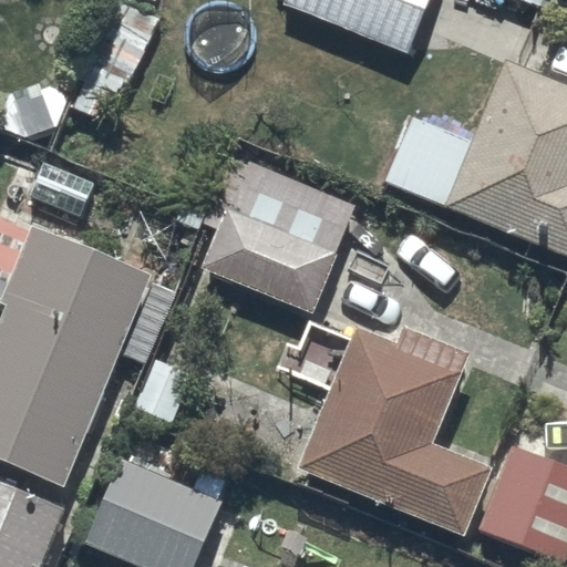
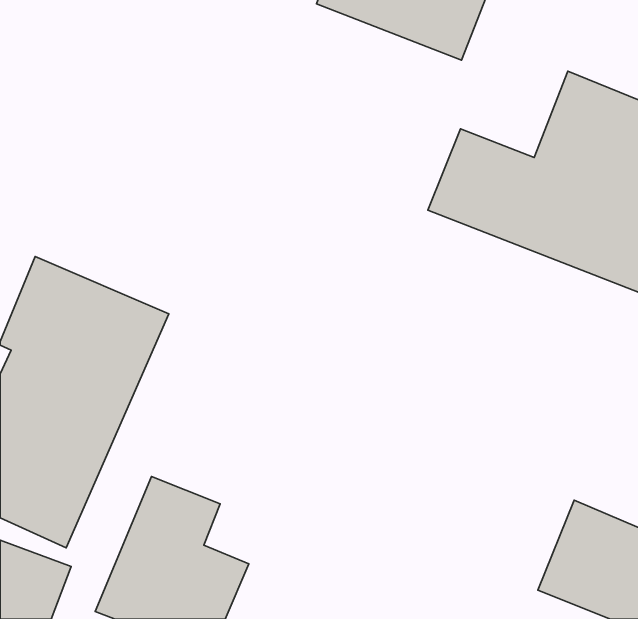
building: [202,190,333,310] -> none
building: [299,329,493,539] -> none

